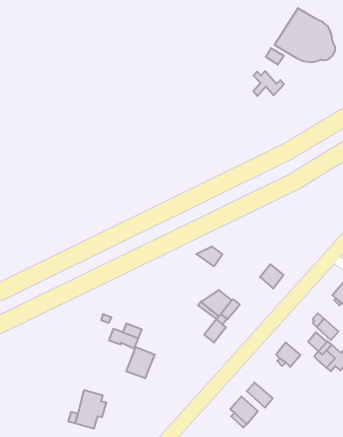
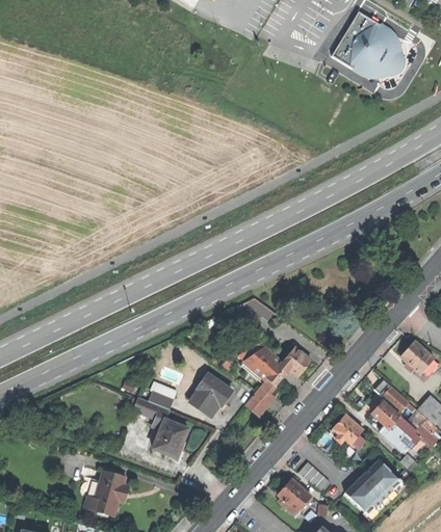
building: [253,71,284,96] -> none
building: [260,264,283,289] -> [284,347,312,376]
building: none -> [190,374,232,414]
building: none -> [345,458,401,514]

